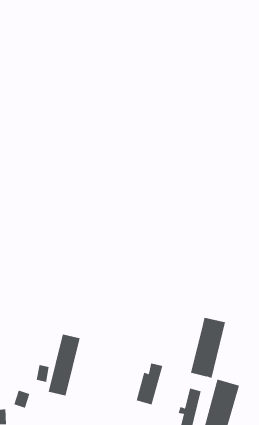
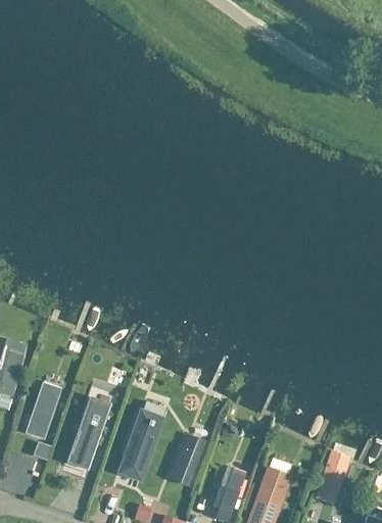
building: [190,317,226,378] -> [118,409,165,480]
building: none -> [25,382,60,439]

